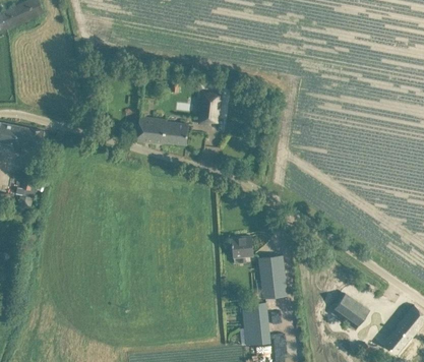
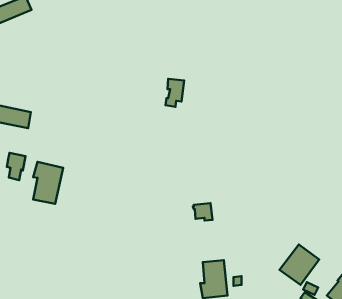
building: [137,117,189,145] -> none
building: none -> [33,162,63,204]
building: [258,256,287,300] -> none

